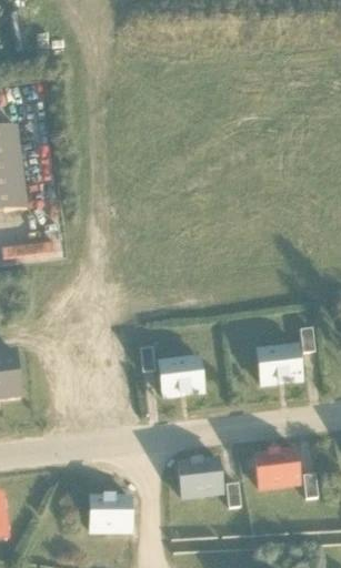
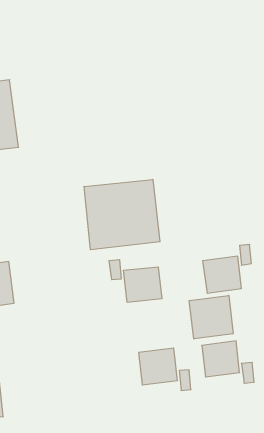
building: none -> [84,179,160,250]
building: none -> [189,295,233,339]
building: [88,493,132,532] -> none

